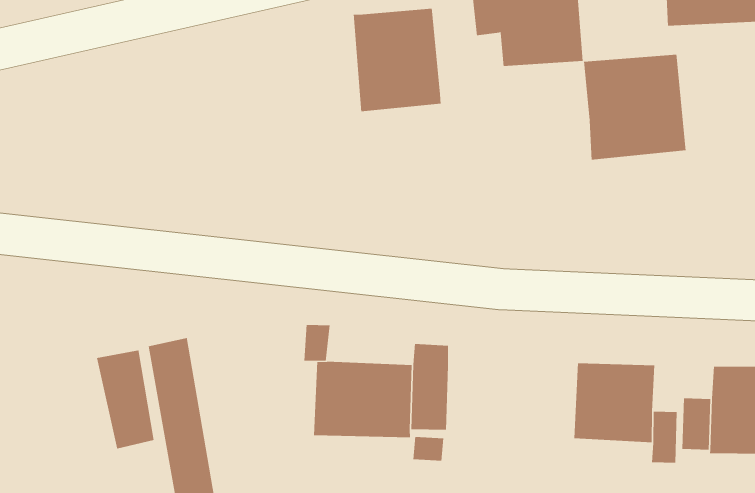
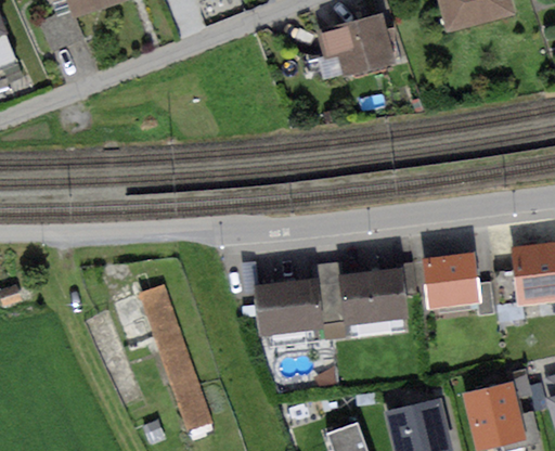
building: [353,8,441,112] -> none
building: [584,54,686,160] -> none
building: none -> [338,266,406,322]

